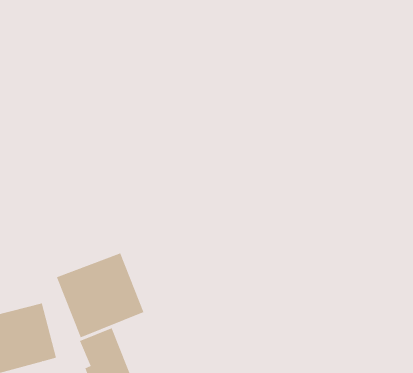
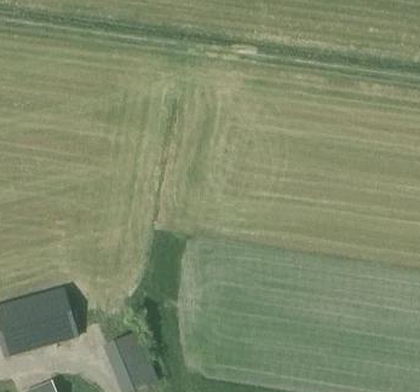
building: [56,253,144,338] -> none

